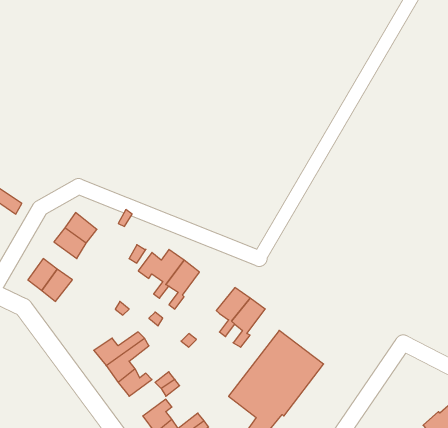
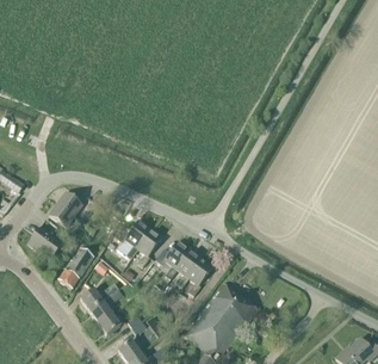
building: none -> [157,240,190,279]
building: none -> [58,247,94,288]

